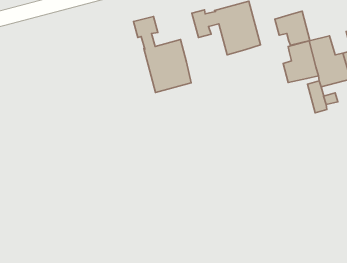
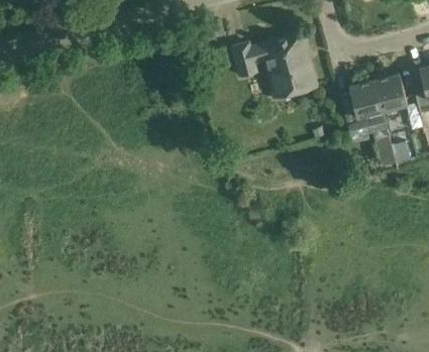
building: [275,11,310,45] -> none
building: [133,16,191,93] -> none

